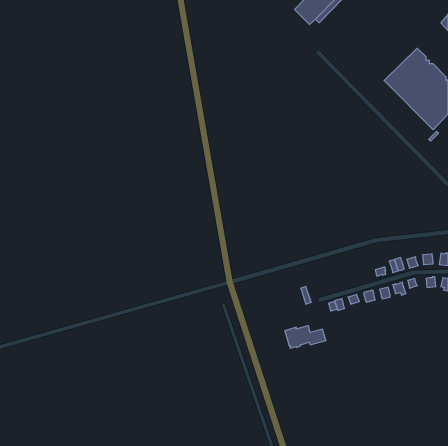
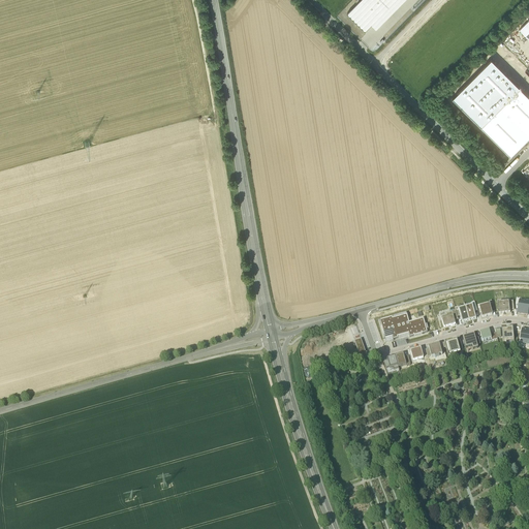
building: [285,326,326,348] -> [379,313,428,340]

